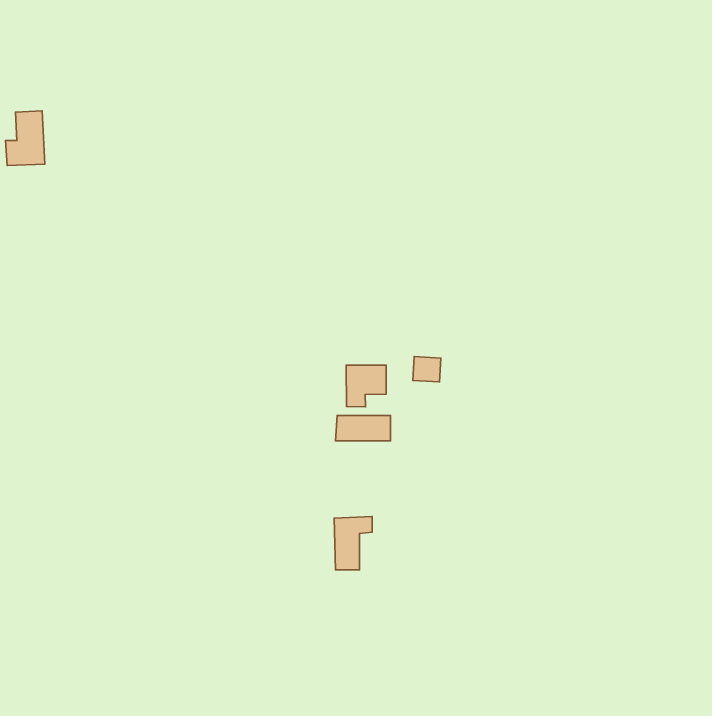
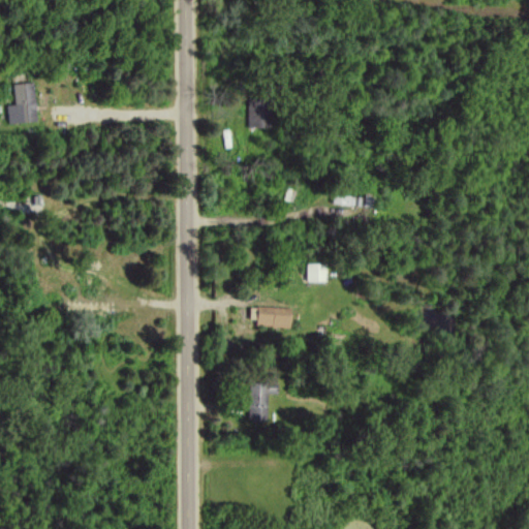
building: none -> [249,99,274,127]
building: [346,365,386,407] -> none

